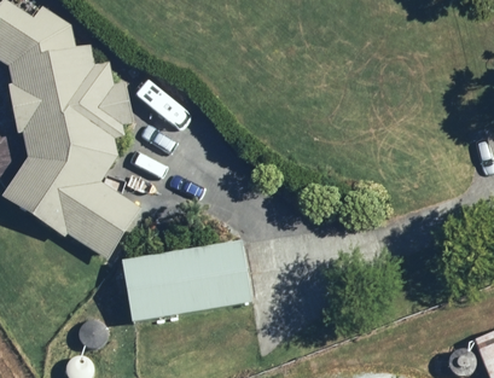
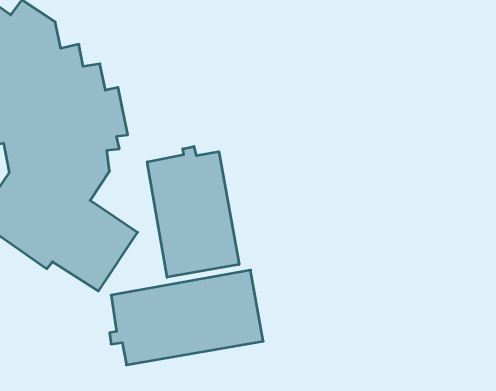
building: none -> [147,146,239,277]

